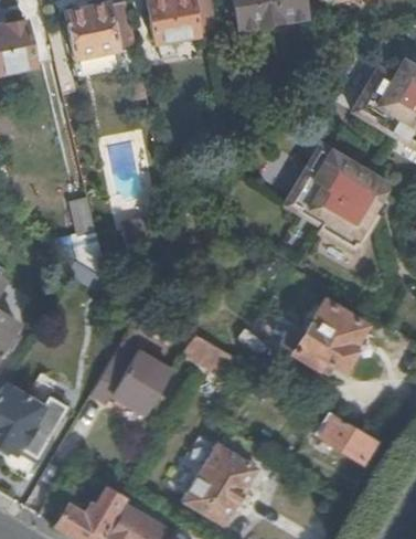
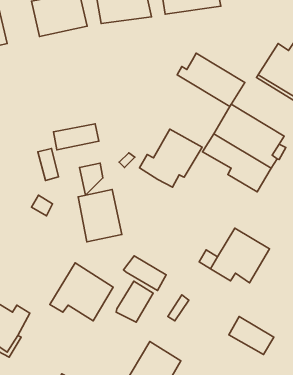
building: none -> [177,53,245,107]
building: none -> [54,124,99,150]
building: none -> [140,129,202,187]
building: none -> [78,189,122,242]
building: none -> [116,281,153,322]

